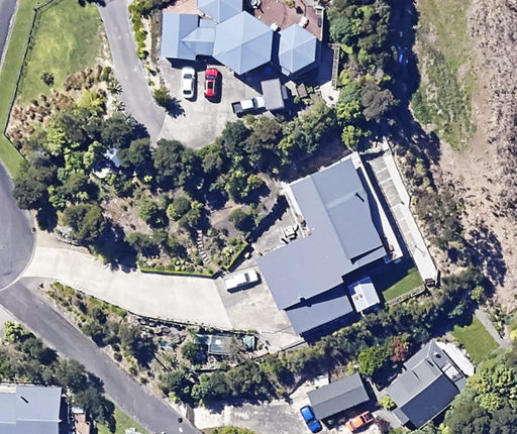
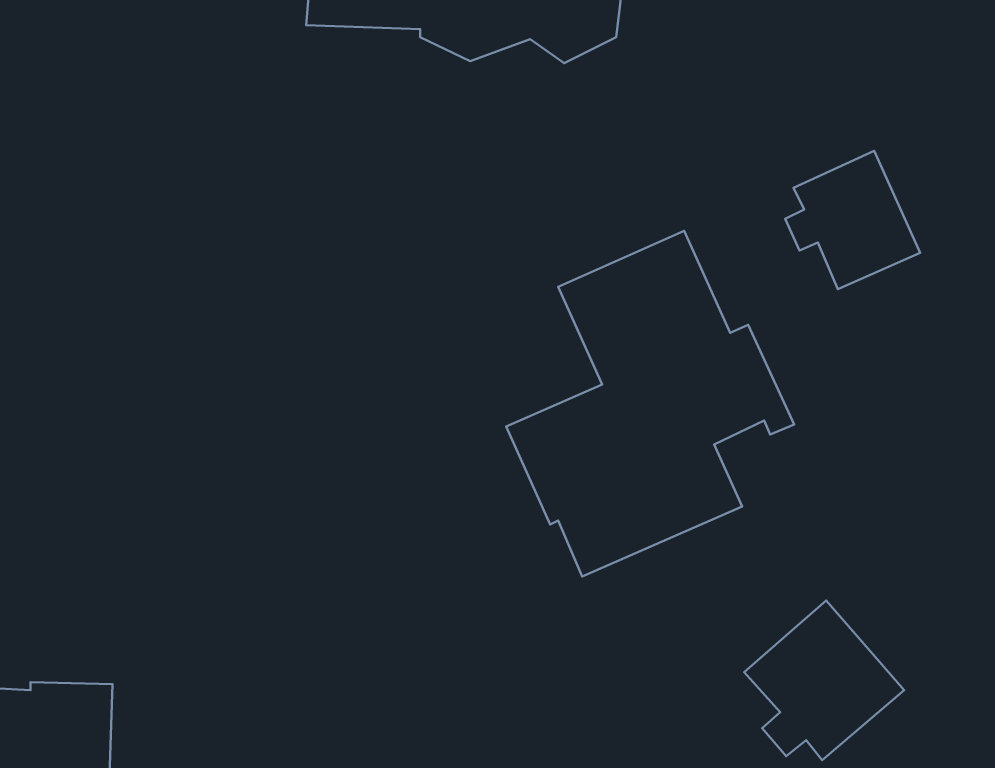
building: none -> [785,151,920,289]
building: [306,367,367,419] -> none

